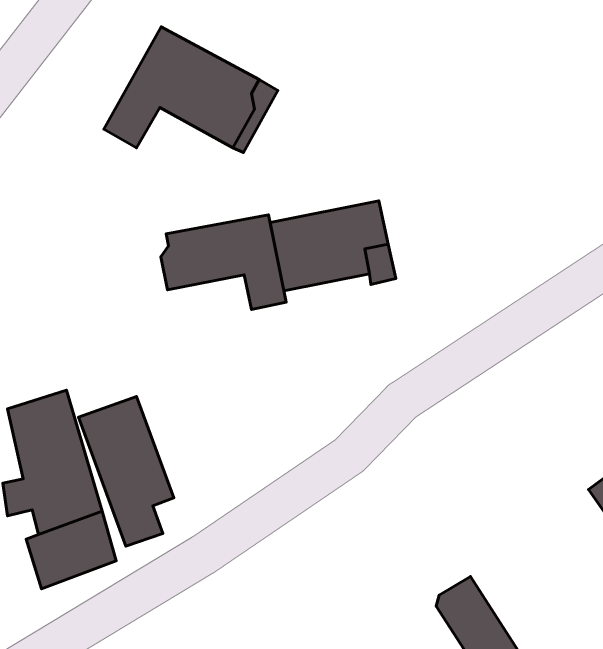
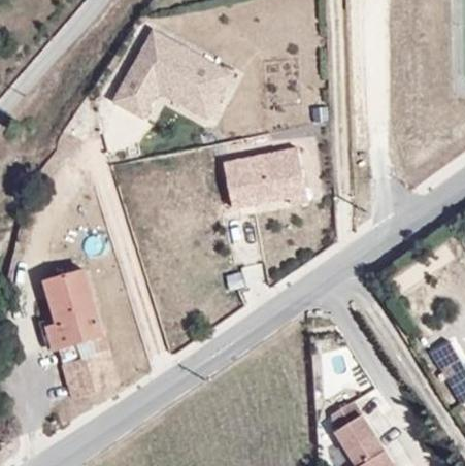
building: [161,215,286,309] -> none
building: [79,396,174,546] -> none

